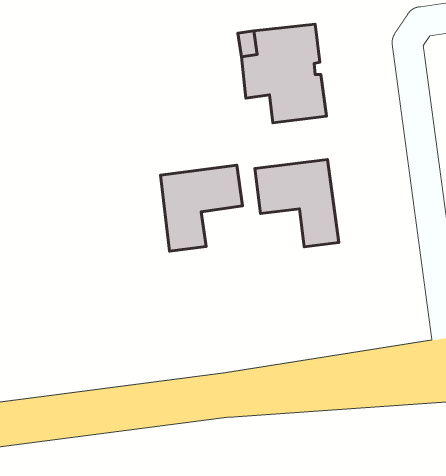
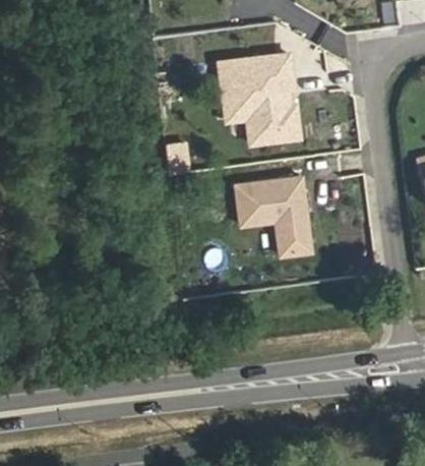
building: [160,165,242,251] -> none

